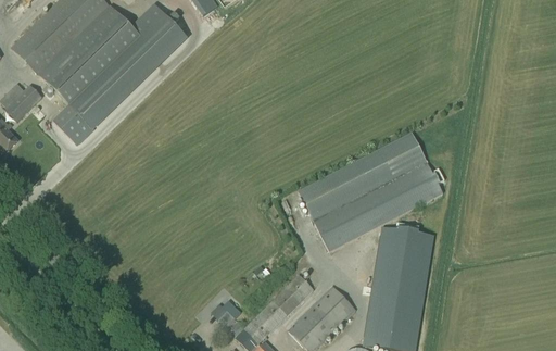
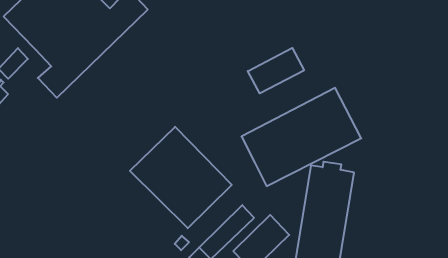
building: none -> [248,48,304,93]
building: none -> [130,127,232,228]

